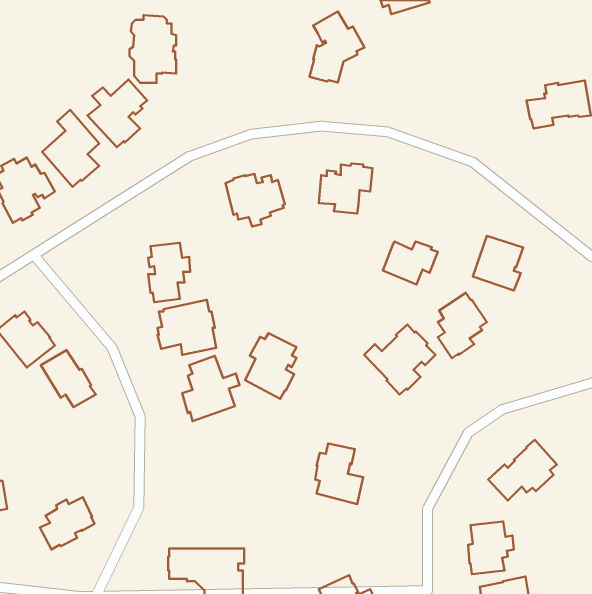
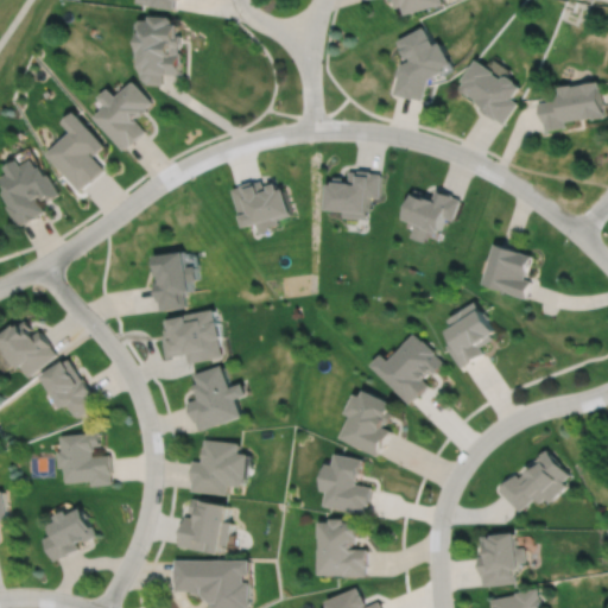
building: [310,11,365,83] -> [390,30,445,102]
building: none -> [455,62,514,126]
building: [383,241,438,285] -> [401,188,457,232]
building: [245,333,296,399] -> [340,390,392,456]
building: none -> [57,432,112,486]
building: none -> [189,439,246,495]
building: none -> [176,499,230,553]
building: none -> [316,519,365,577]

